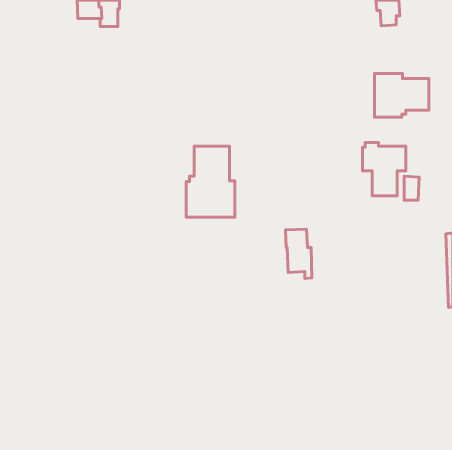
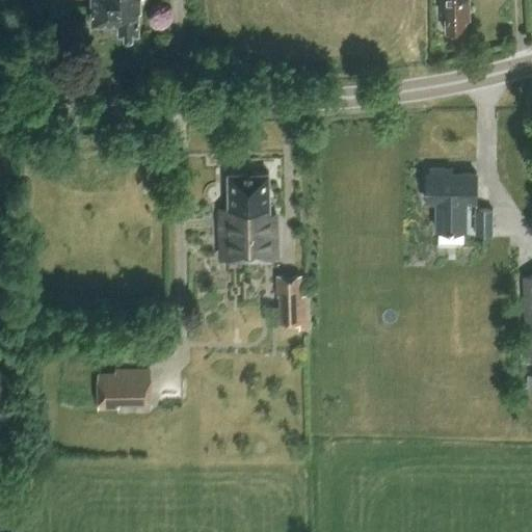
building: [375,74,429,117] -> none
building: [285,229,312,279] -> [276,275,308,334]
building: none -> [100,373,150,411]

